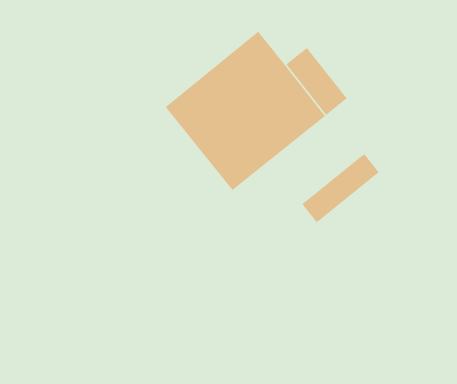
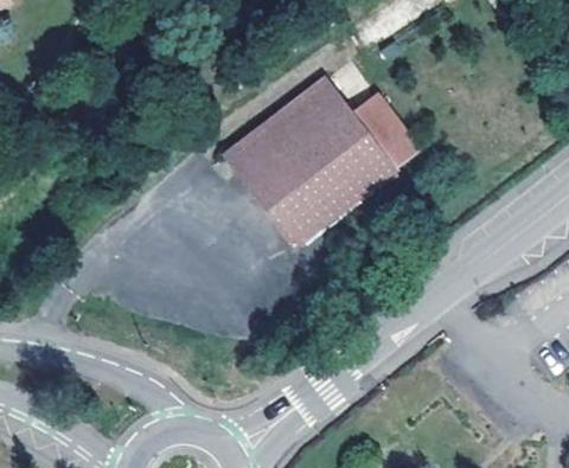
building: [301,153,379,223] -> none

